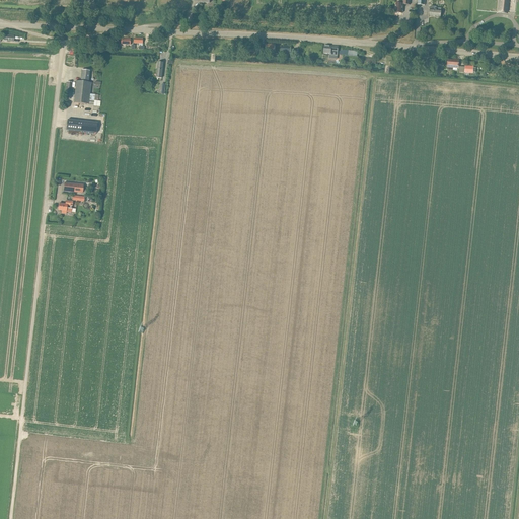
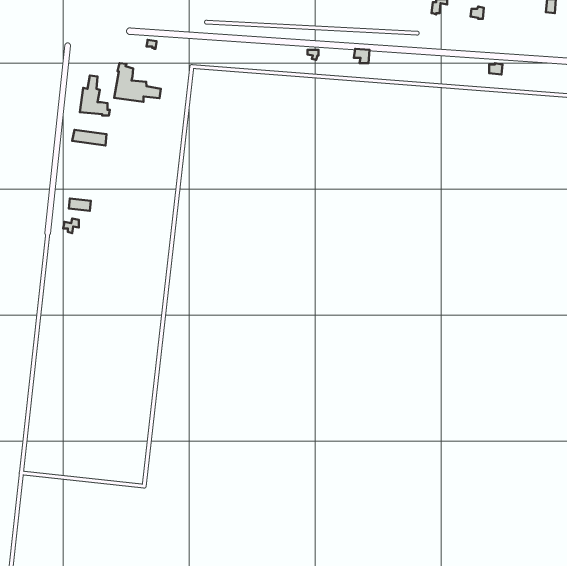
building: none -> [114,63,161,102]

